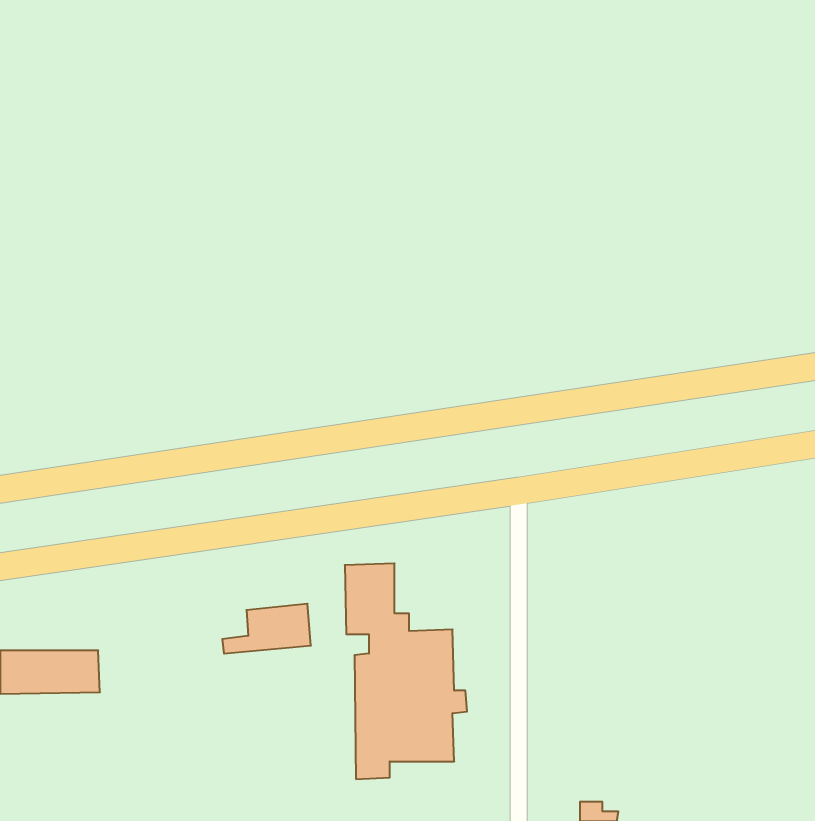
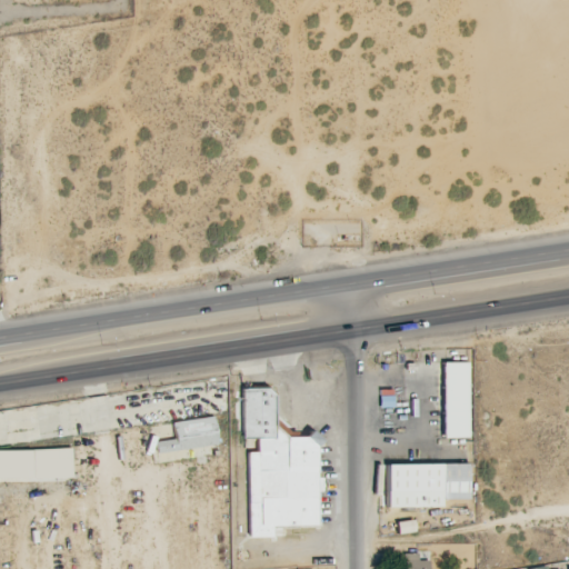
building: none -> [445,362,472,438]
building: none -> [389,463,472,508]

